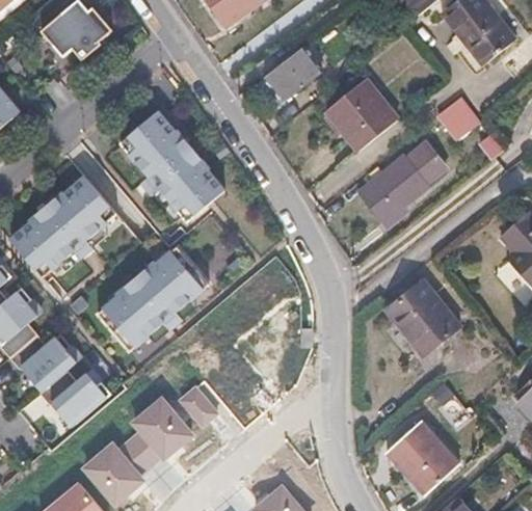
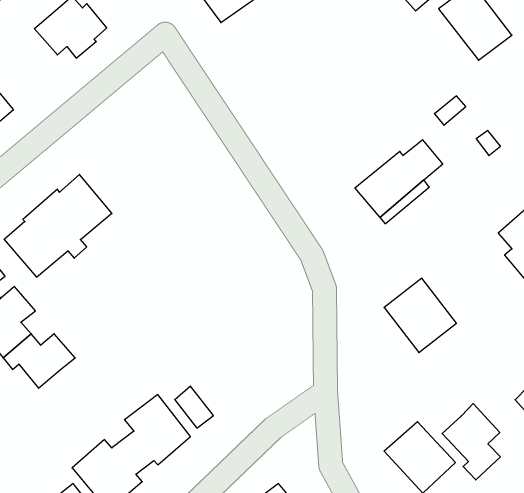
building: [255,48,320,107] -> none
building: [324,77,398,151] -> none
building: [119,111,224,222] -> none
building: [97,245,208,350] -> none
building: [39,370,110,424] -> none
building: none -> [442,404,500,480]

